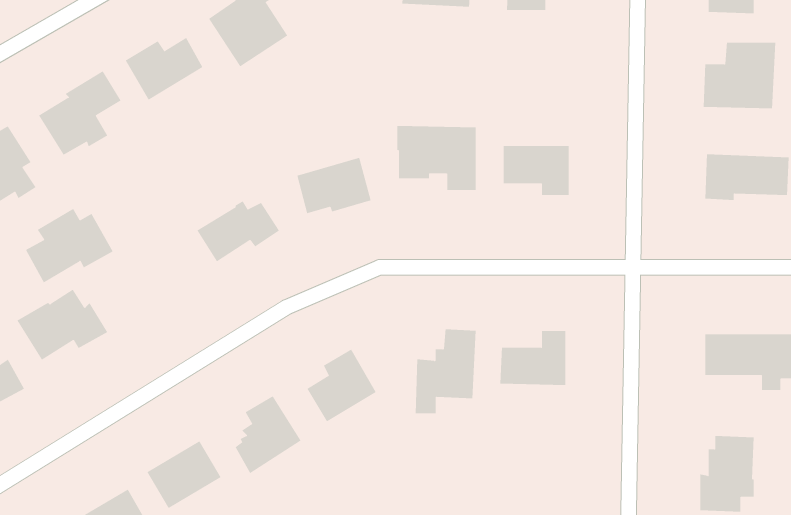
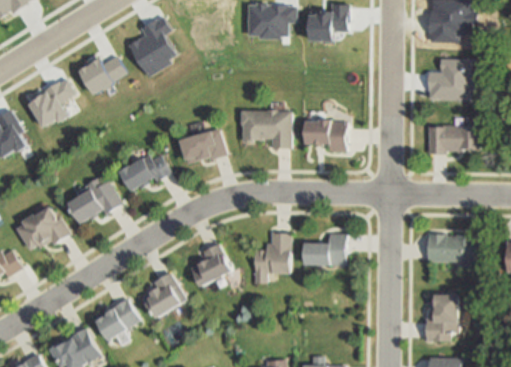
building: [25,208,113,283] -> [69,177,122,222]

